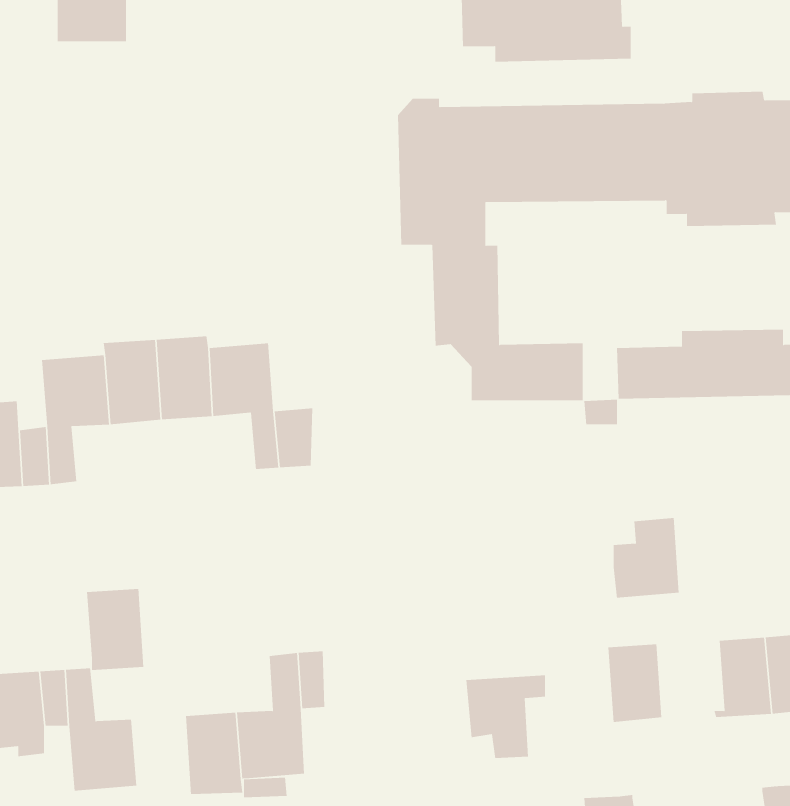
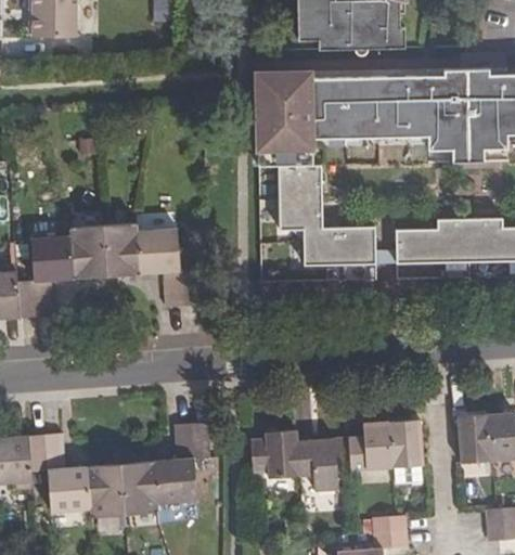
building: [613,518,680,598] -> [349,421,391,472]
building: [86,588,144,670] -> [87,464,124,516]
building: none -> [249,431,301,480]

